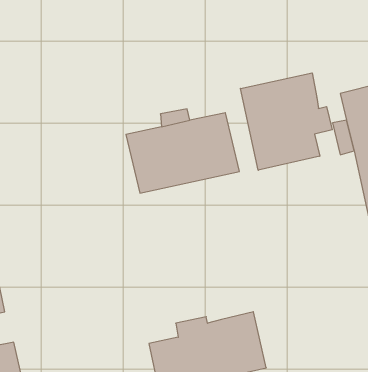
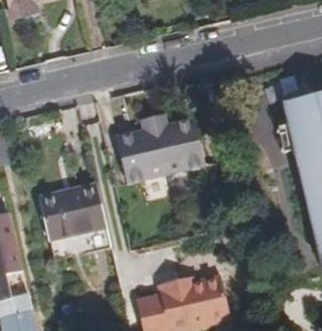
building: [240,73,332,170] -> none
building: none -> [41,185,110,258]

